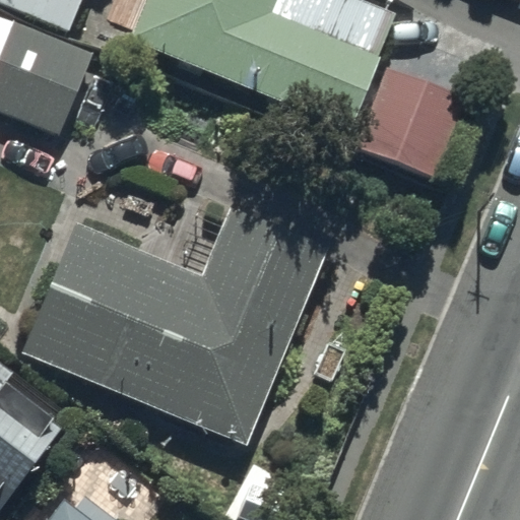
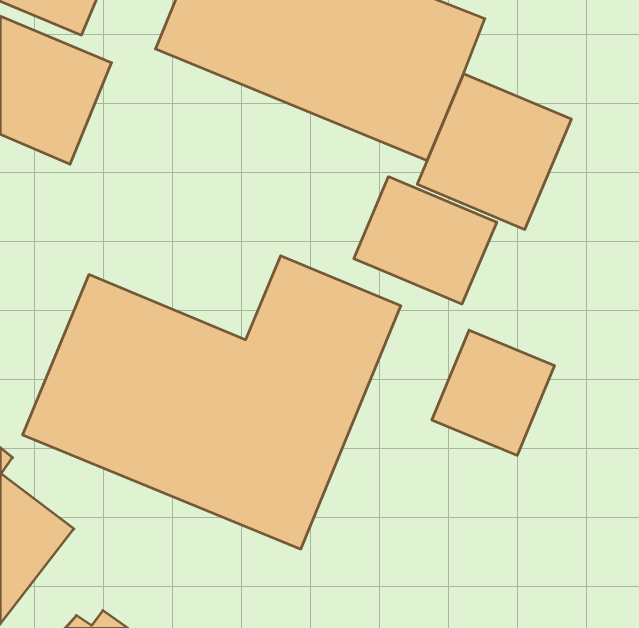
building: none -> [354,177,497,304]
building: none -> [432,330,554,455]

